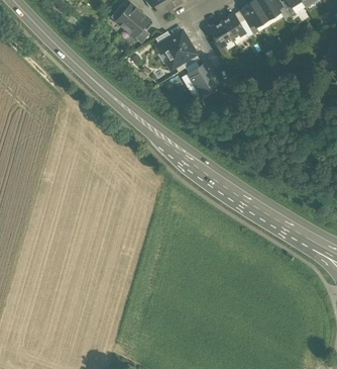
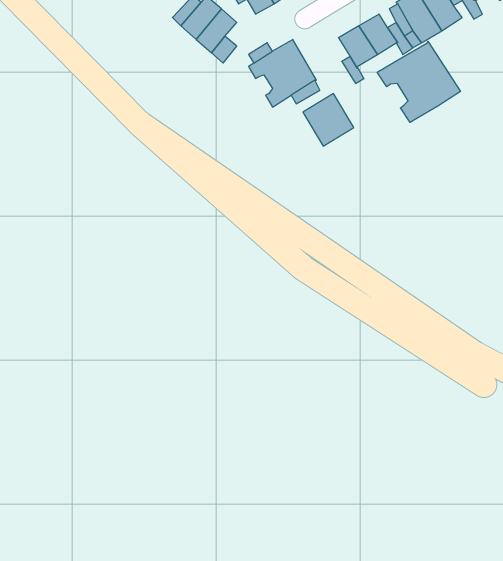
building: none -> [377,41,460,122]

